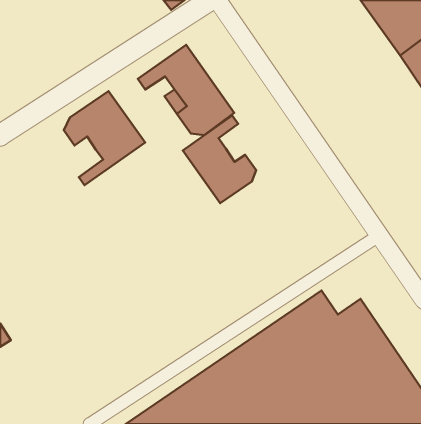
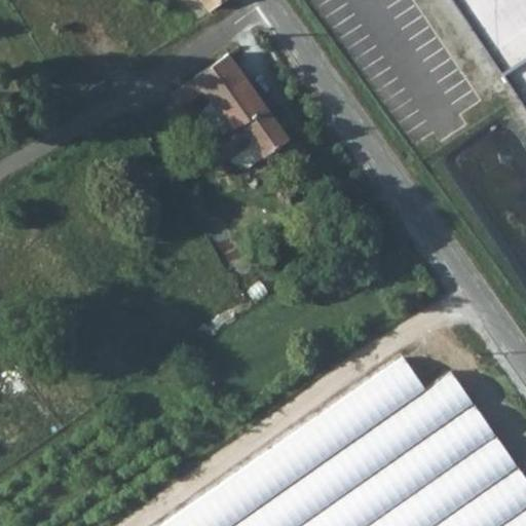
building: [64,91,145,185] -> none
building: [183,116,256,203] -> none

